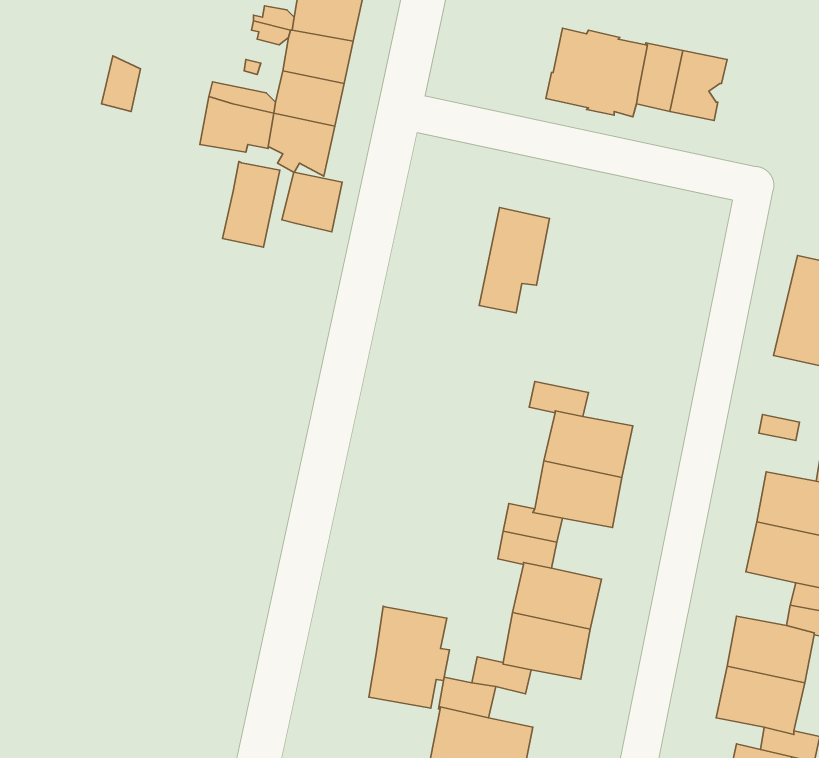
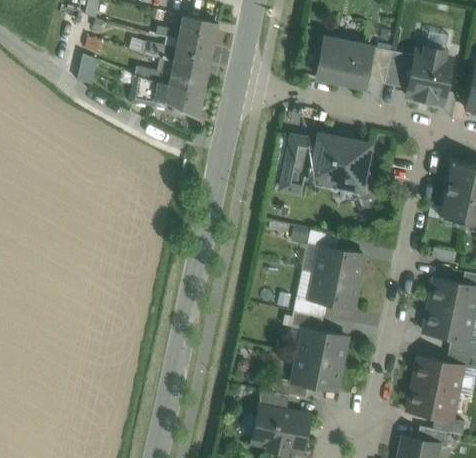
building: none -> [405,48,451,104]
building: [222,161,280,247] -> none
building: [282,172,342,232] -> none
building: none -> [312,136,369,188]
building: [369,606,450,708] -> none

